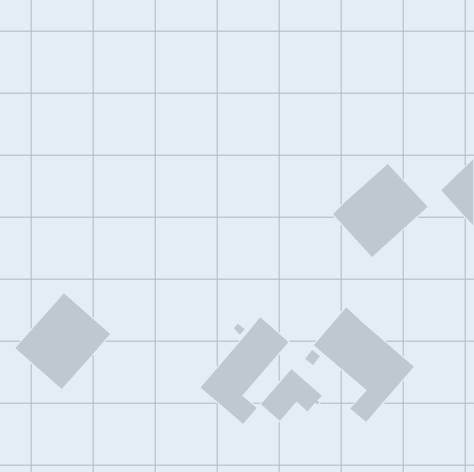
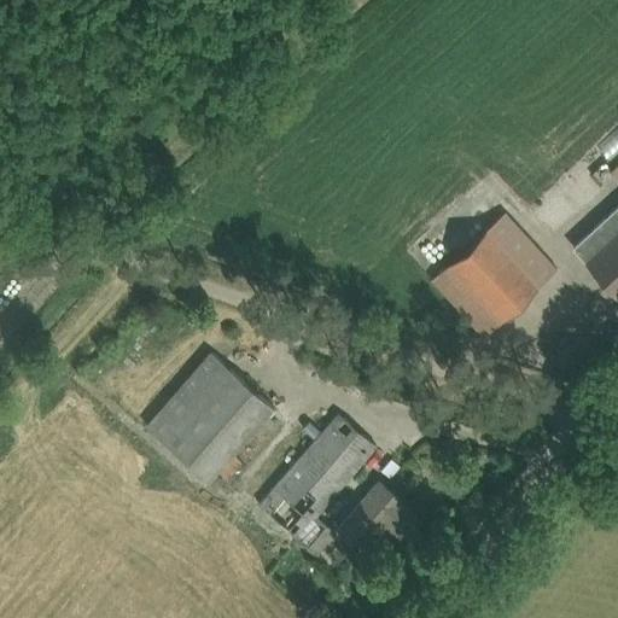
building: [15,293,111,390] -> [148,354,274,480]
building: [313,307,415,423] -> none

